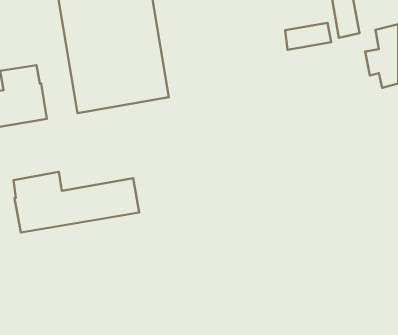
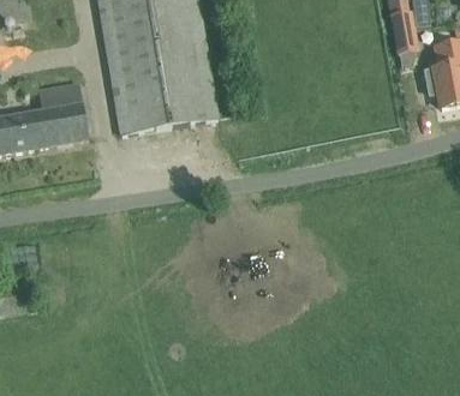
building: [285,23,331,50] -> none
building: [13,172,139,232] -> none

